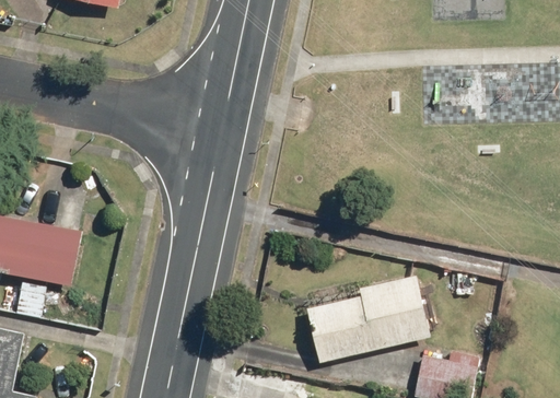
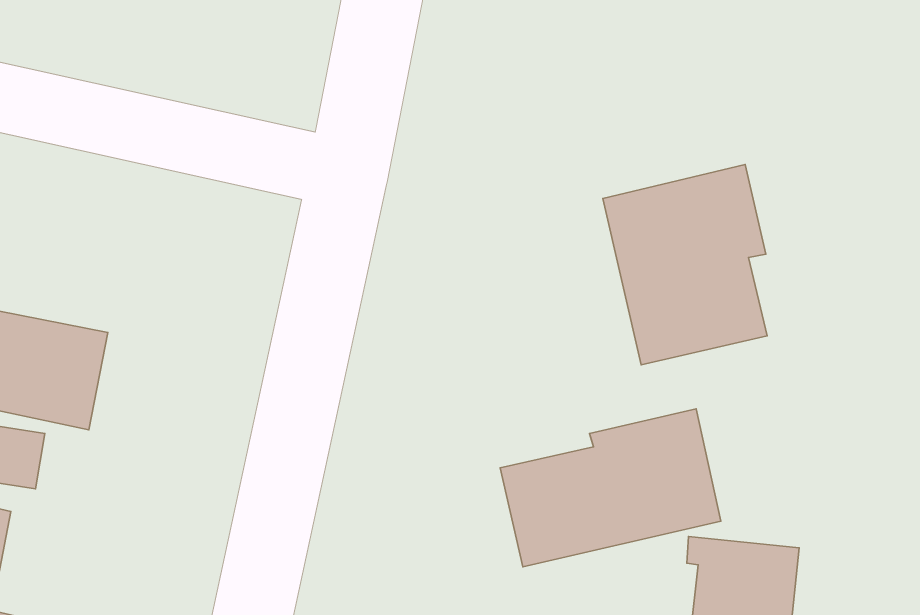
building: none -> [603,165,767,365]

